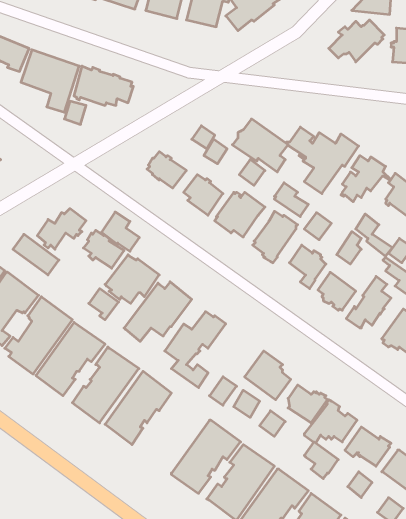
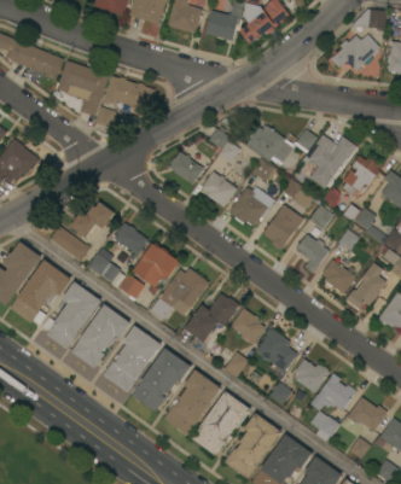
building: [101,212,139,251] -> [87,246,121,281]
building: none -> [231,308,266,343]
building: none -> [164,368,222,435]

